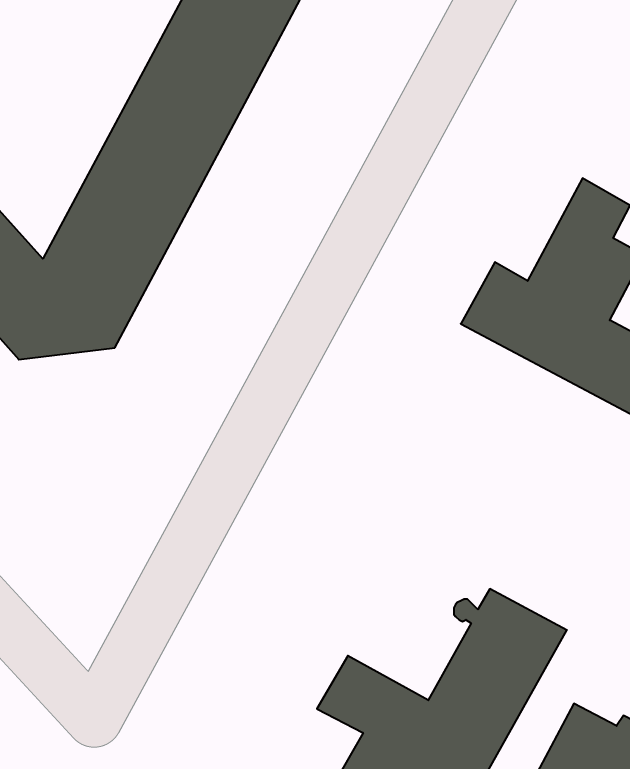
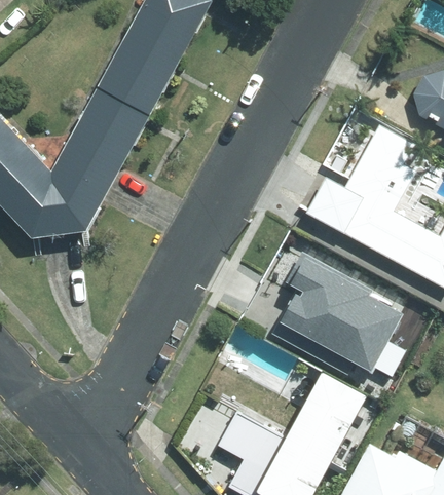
building: none -> [279,259,399,370]

